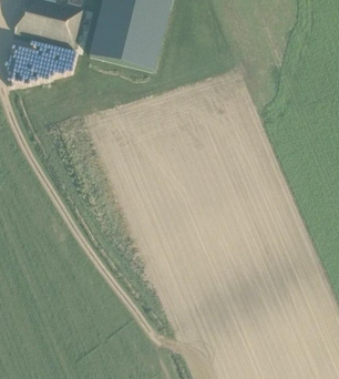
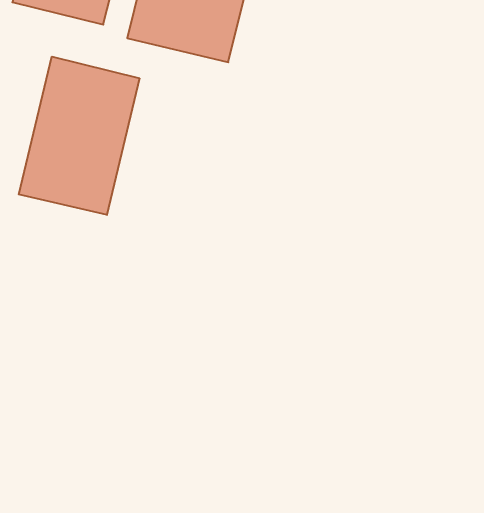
building: none -> [19,57,139,215]

